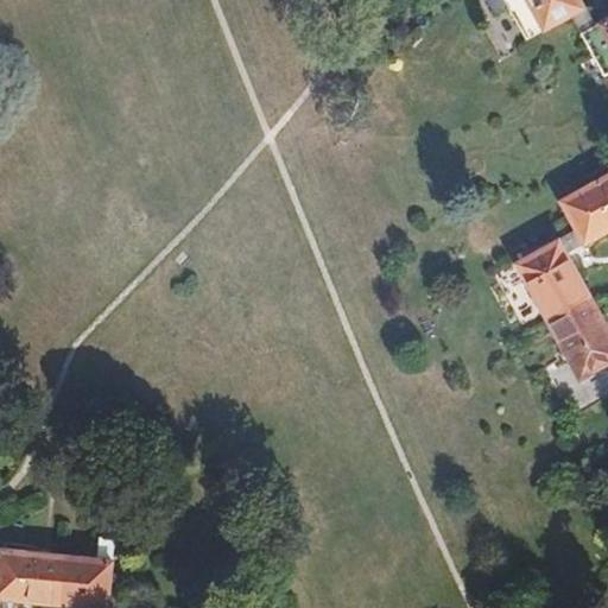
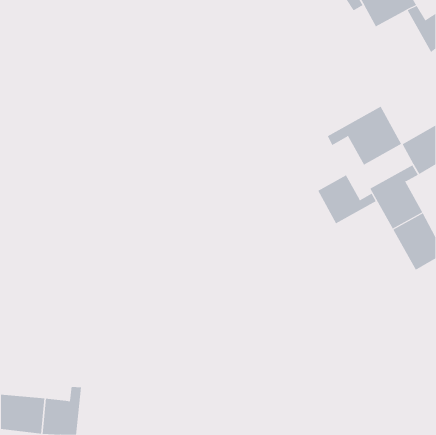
building: none -> [327,106,402,165]
building: none -> [317,175,376,224]

